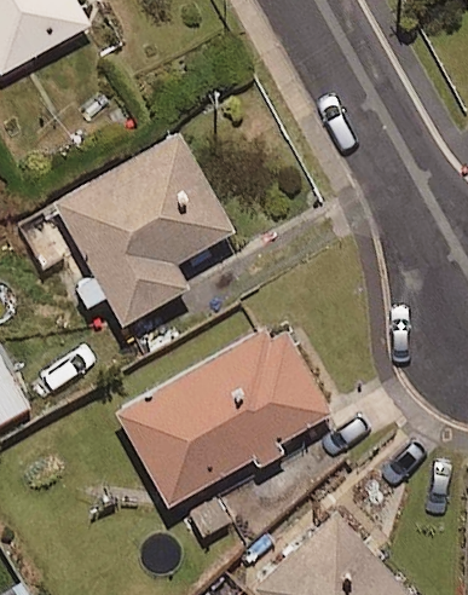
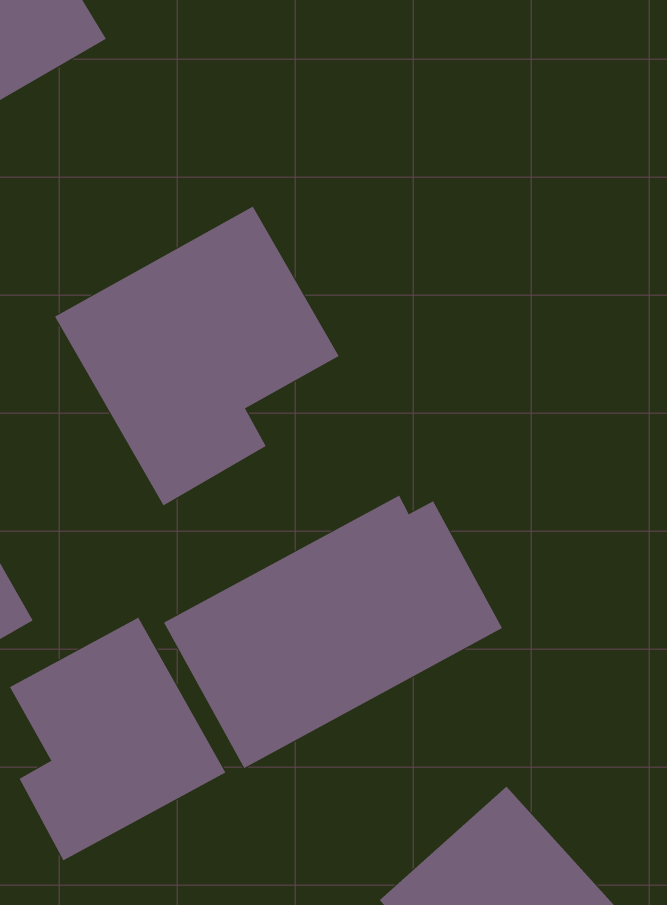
building: none -> [9,617,226,861]

